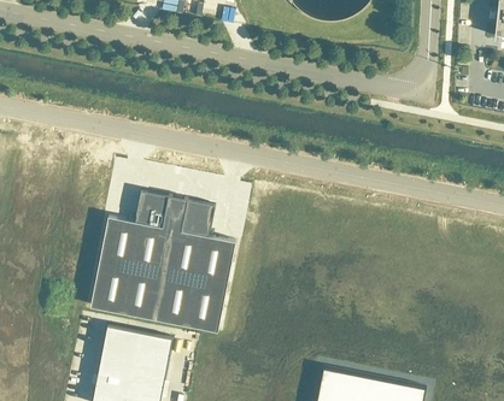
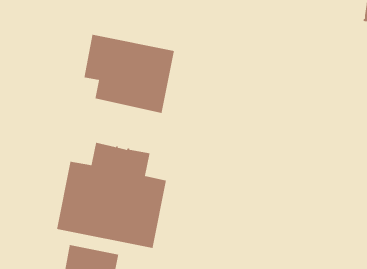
building: none -> [83,34,175,114]

